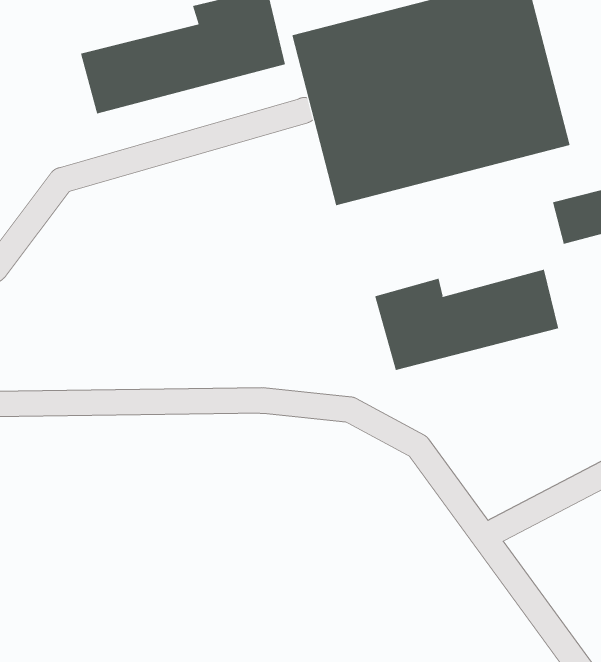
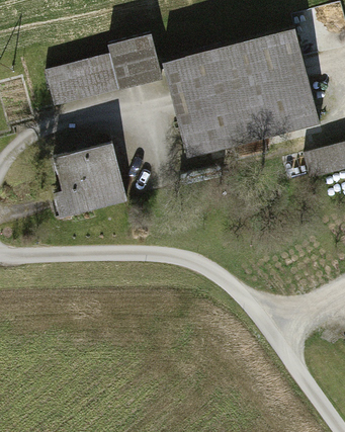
building: none -> [53,144,127,218]
building: [375,269,559,371] -> none

